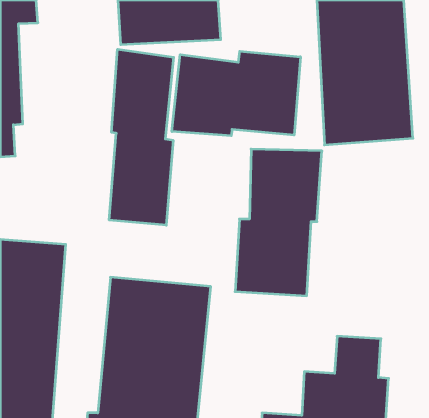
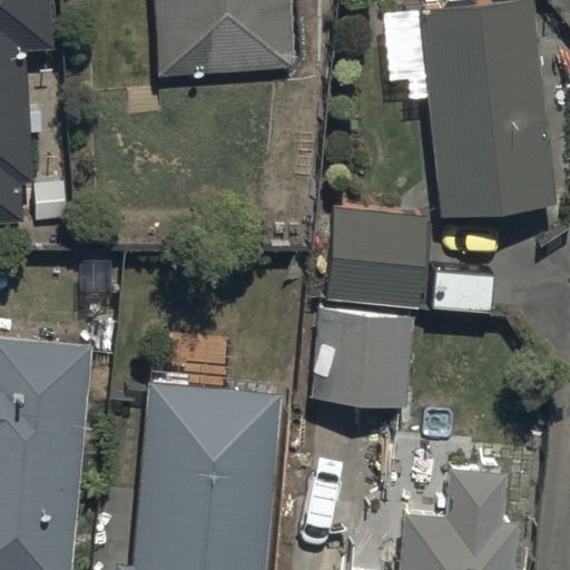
building: [109,49,174,225] -> none
building: [172,51,300,136] -> none

